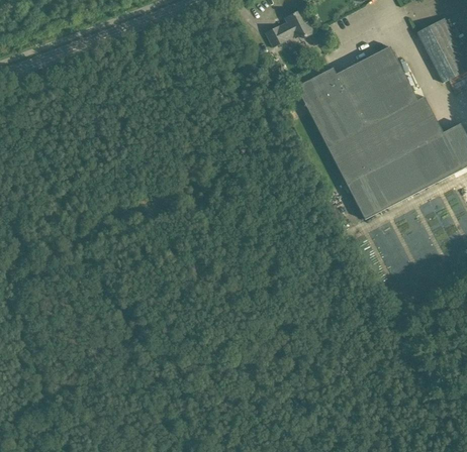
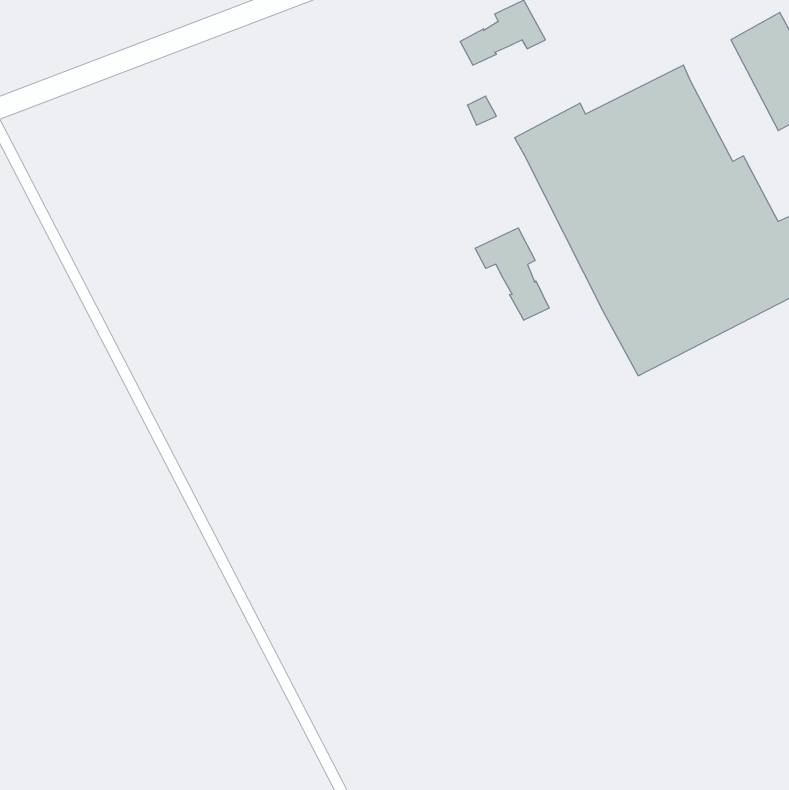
building: none -> [475,228,549,320]

